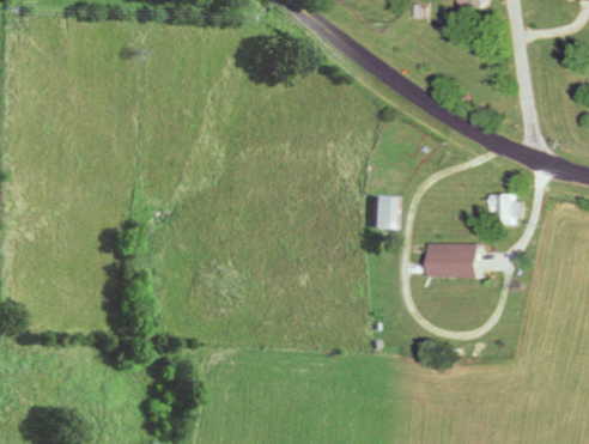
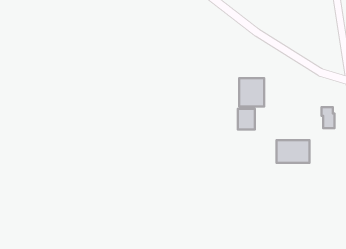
building: none -> [239,78,264,106]

